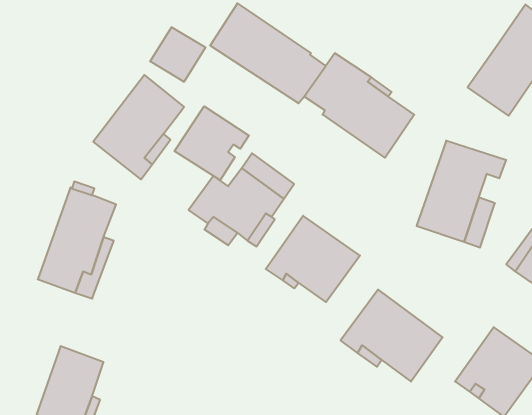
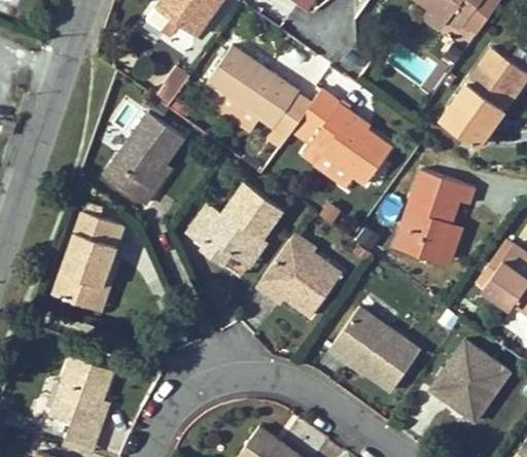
building: [175,106,249,180] -> none

